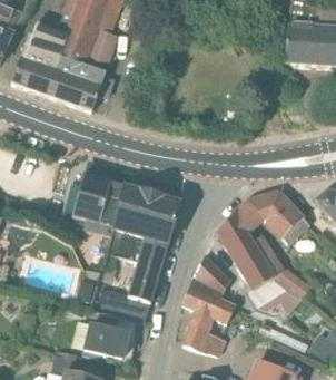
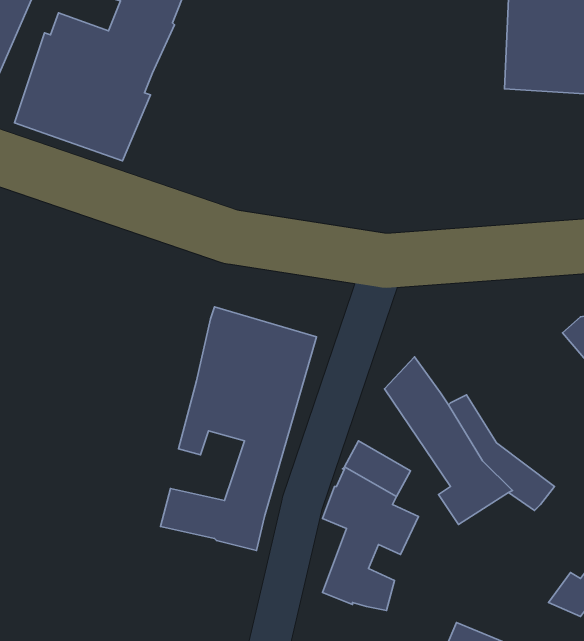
building: [71,27,119,109] -> none
building: [71,179,120,235] -> none
building: [233,191,308,242] -> none
building: [82,320,134,359] -> none

